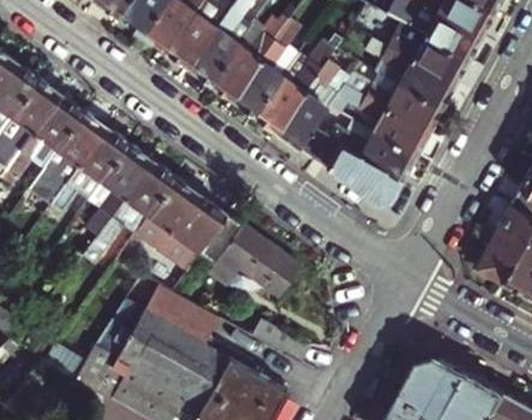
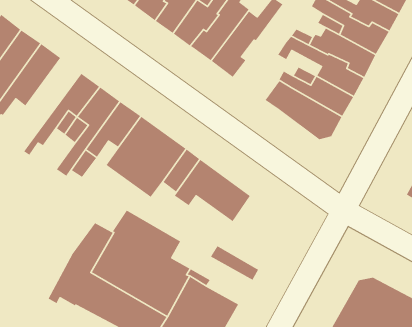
building: [277,48,347,158] -> none
building: [22,109,104,208] -> none

